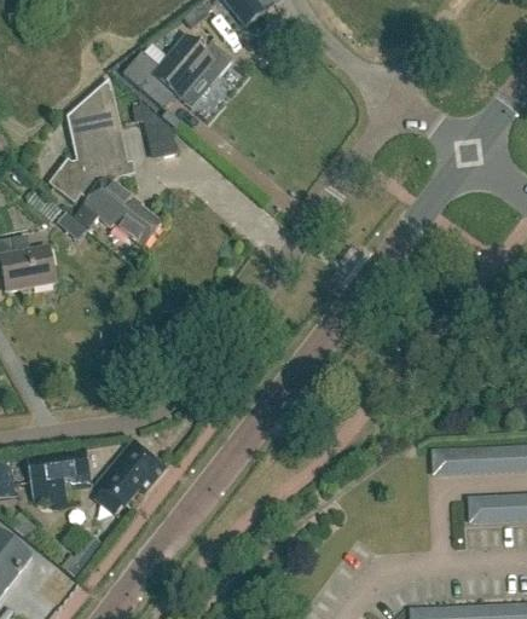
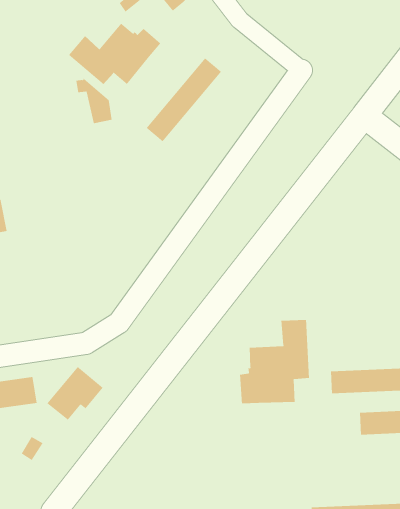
building: none -> [146,58,222,142]
building: [53,82,163,250] -> none
building: none -> [240,319,309,404]

